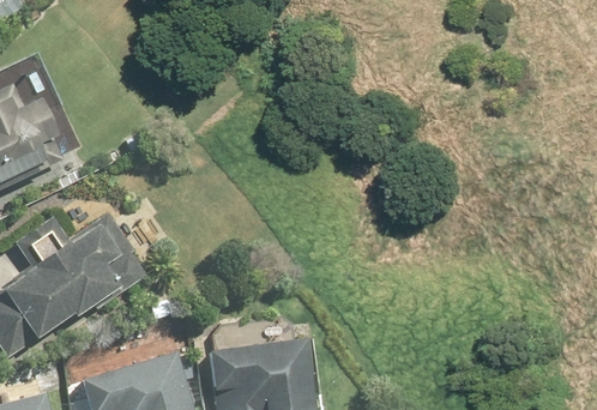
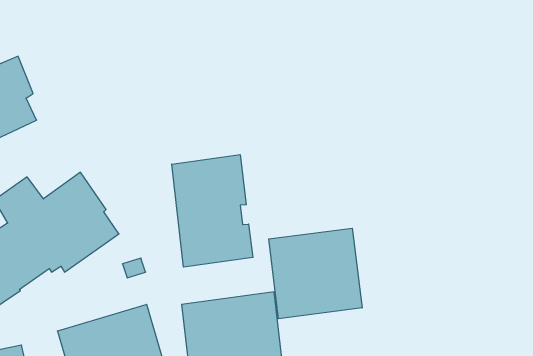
building: none -> [172,155,253,267]
building: none -> [269,228,362,319]

